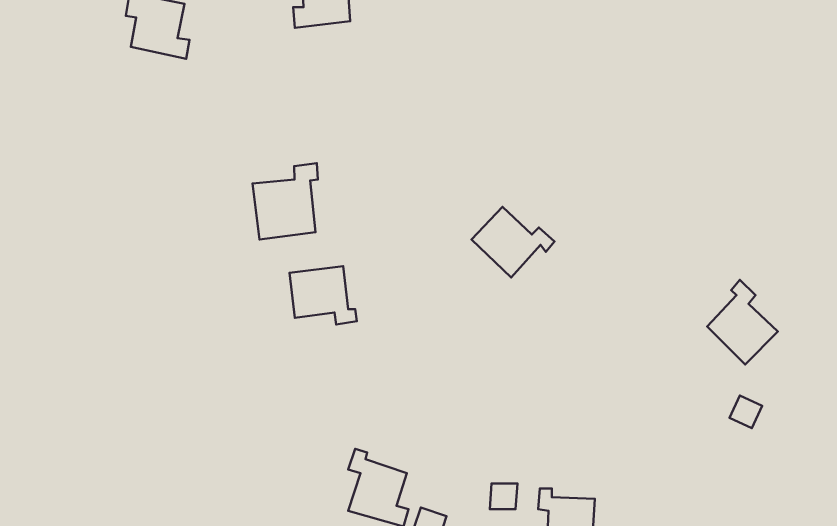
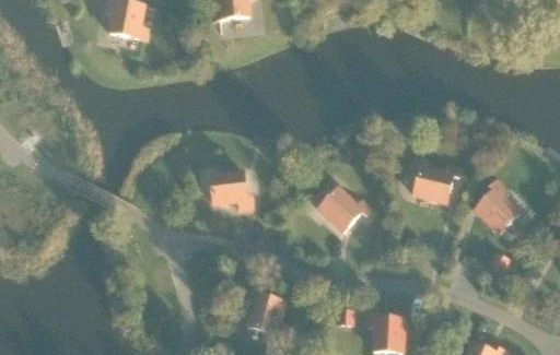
building: [252,163,318,240] -> none
building: [472,207,554,278] -> [318,187,371,232]
building: none -> [413,165,460,202]

